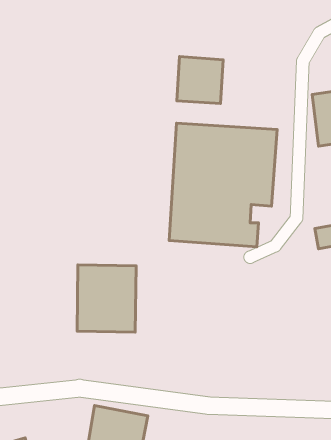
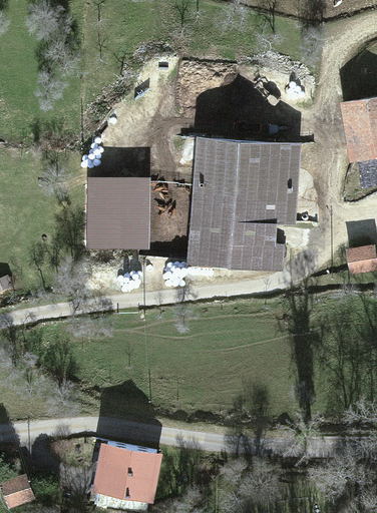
building: [177,56,223,104] -> none
building: [77,265,136,332] -> [85,177,149,250]

